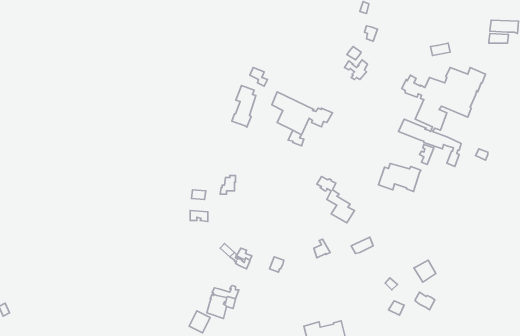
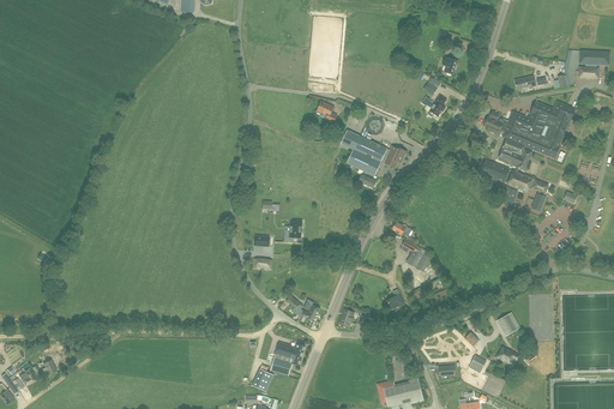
building: [232,86,256,127] -> none
building: [379,164,421,191] -> none

